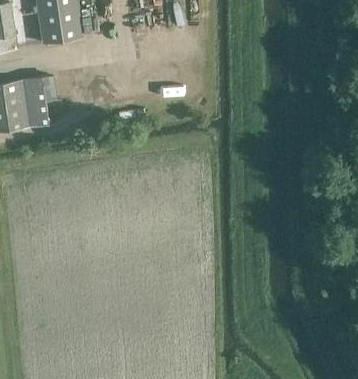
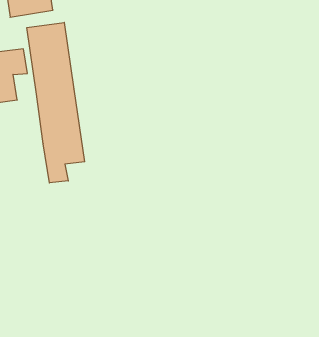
building: none -> [27,22,85,183]

